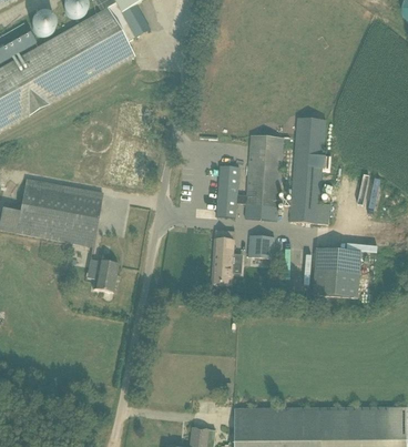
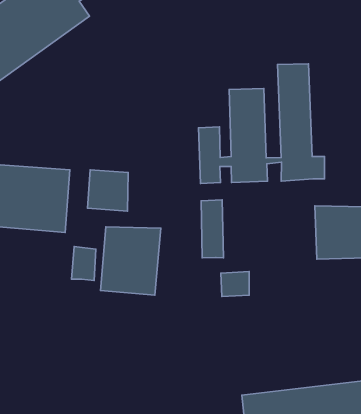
building: none -> [87,170,128,211]
building: [247,234,274,256] -> [221,271,249,297]
building: none -> [100,227,161,295]

